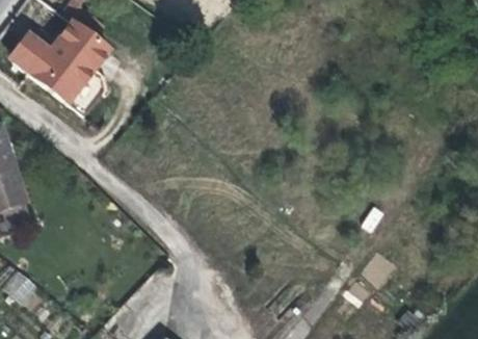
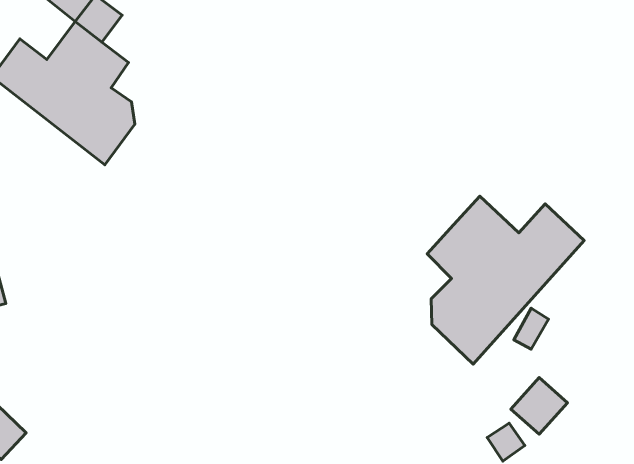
building: none -> [427,196,584,364]

